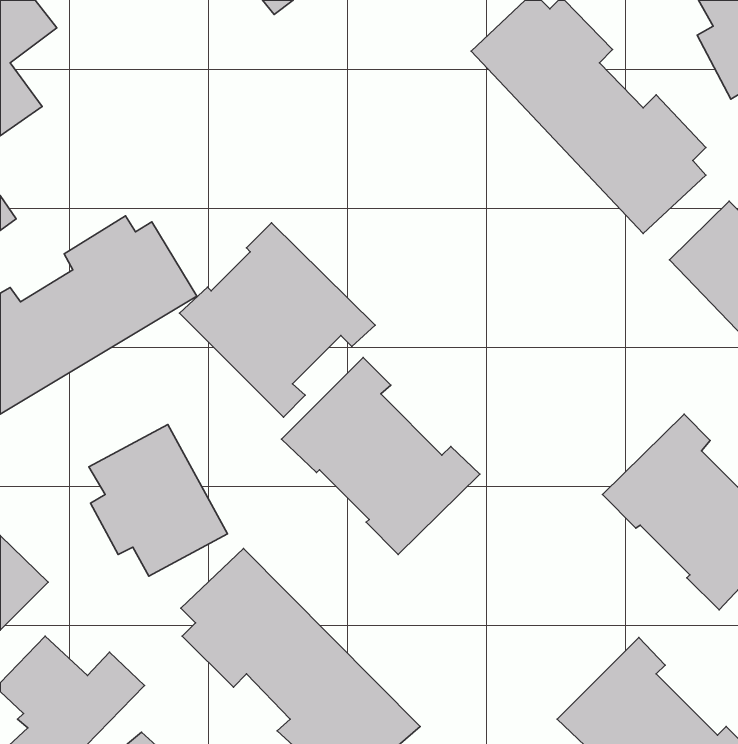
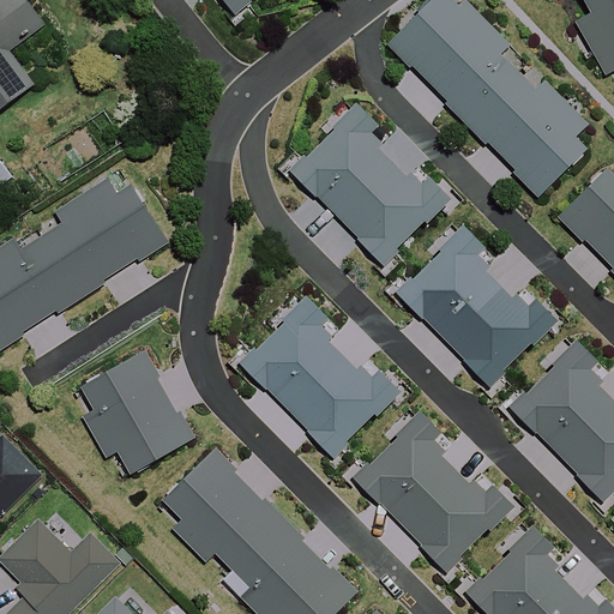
building: none -> [285,103,447,265]
building: [179,223,375,417] -> none
building: none -> [390,222,552,384]
building: none -> [351,411,513,573]

